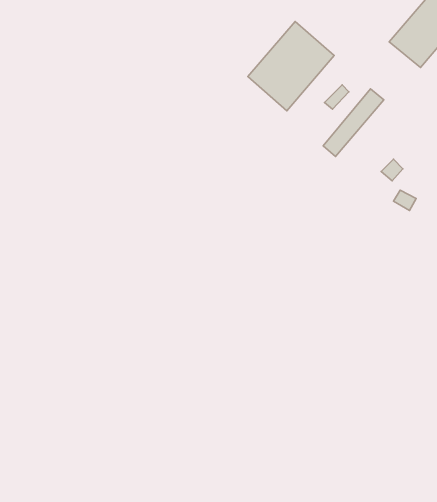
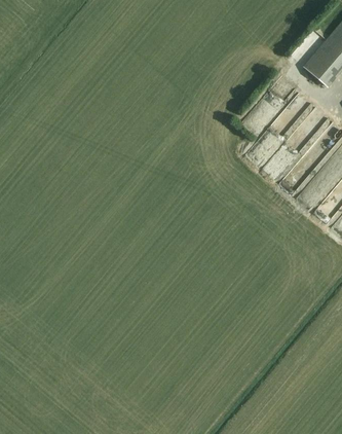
building: [248,21,334,111] -> none

